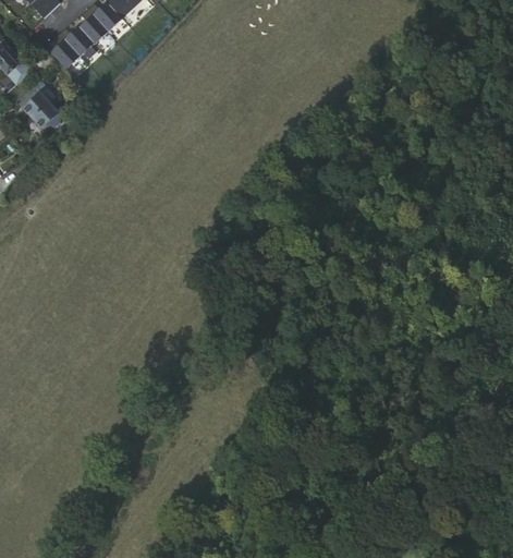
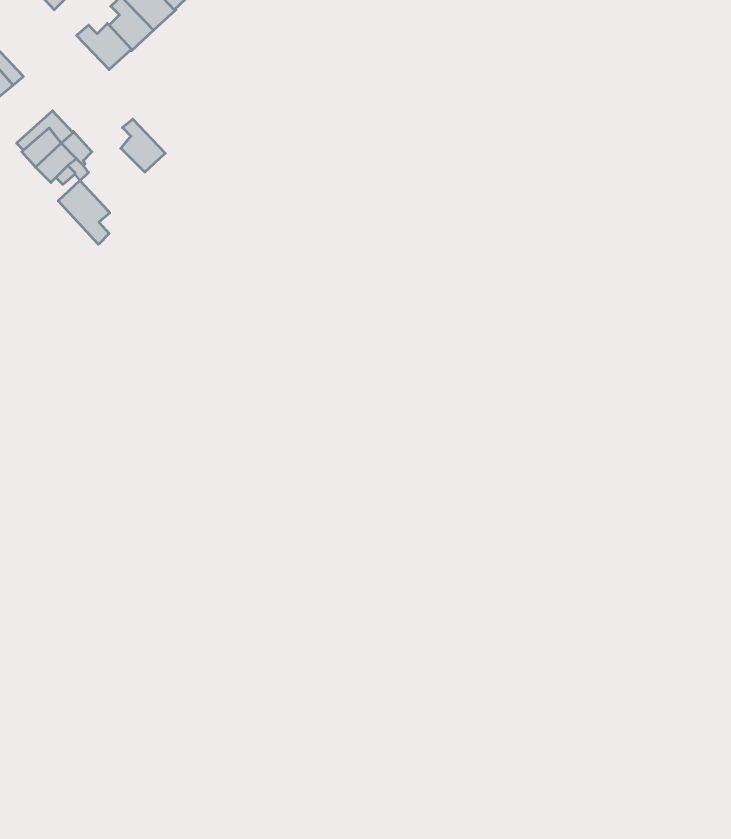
building: [49,35,77,69] -> [121,119,165,172]
building: none -> [58,181,110,244]

